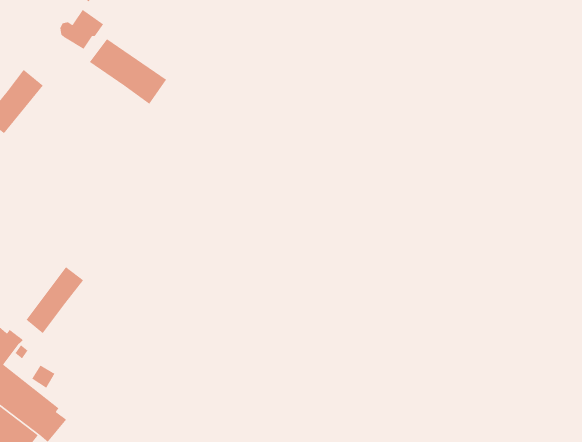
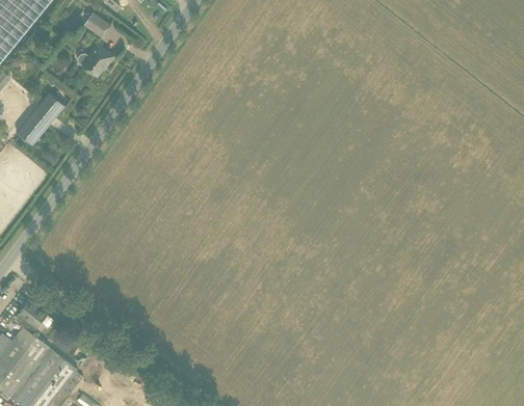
building: [89,38,167,105] -> none
building: [26,266,84,334] -> none

